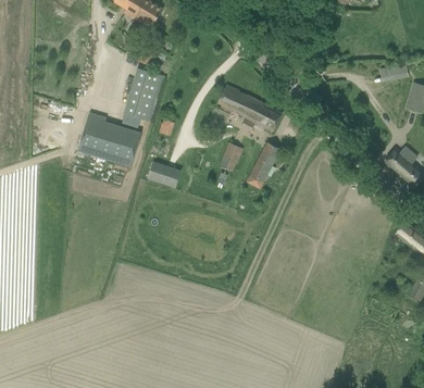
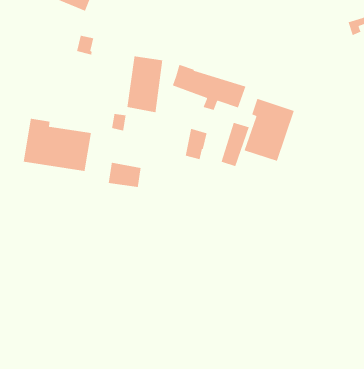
building: [124,67,162,121] -> [127,55,163,113]
building: none -> [244,98,295,162]

